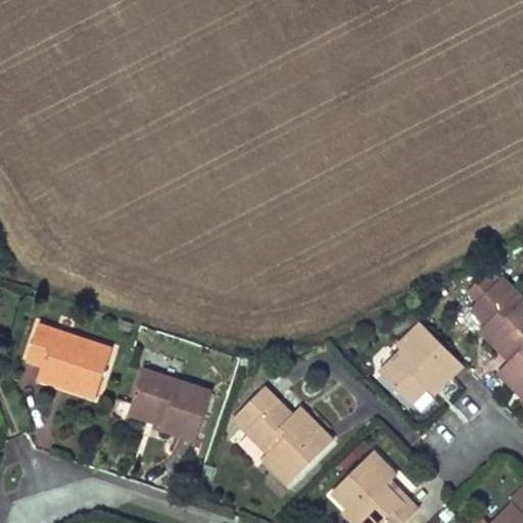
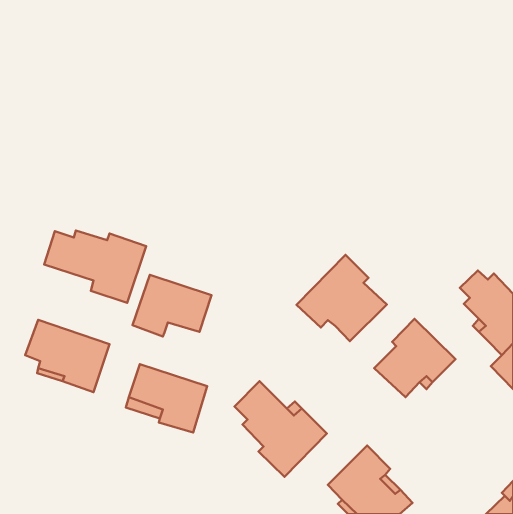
building: none -> [44,231,146,303]
building: none -> [297,255,387,341]
building: none -> [132,275,211,337]

